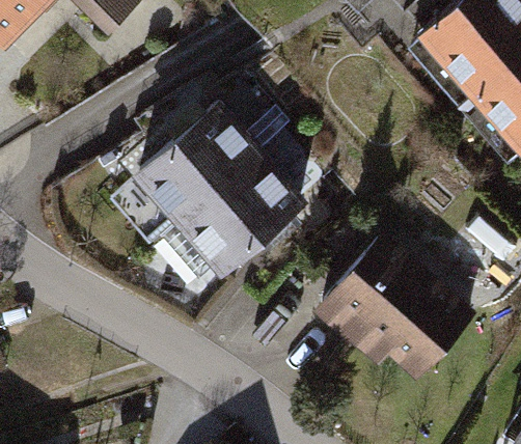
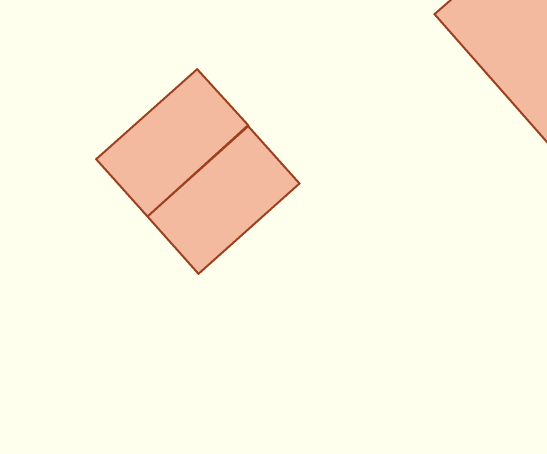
building: [322,244,470,379] -> none

